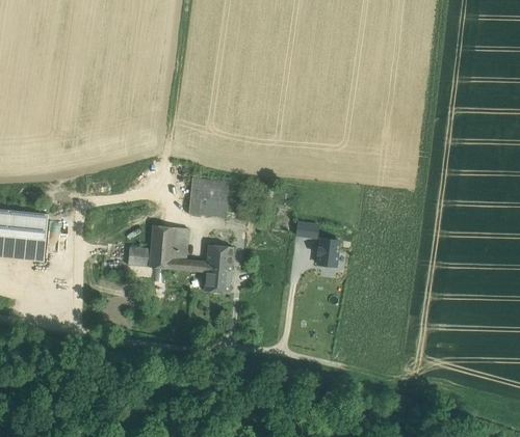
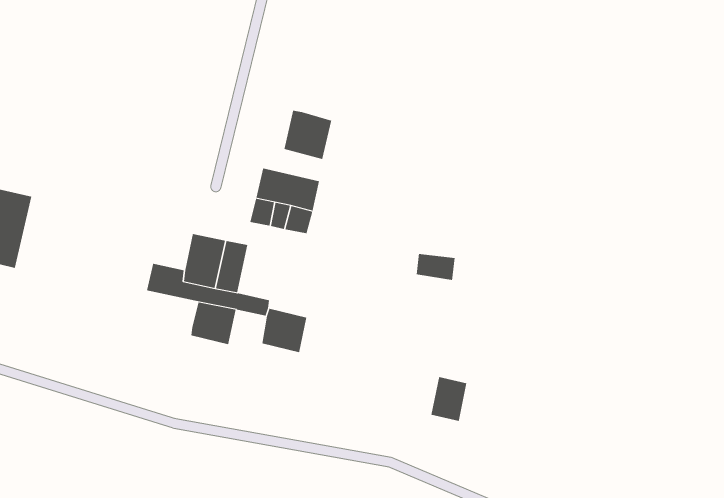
building: none -> [284,110,332,160]
building: [317,239,338,266] -> [431,376,467,422]
building: [206,245,233,270] -> [191,302,236,345]

